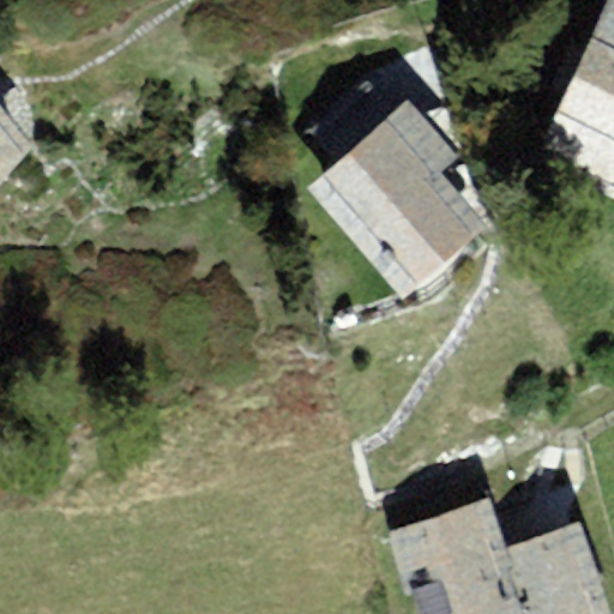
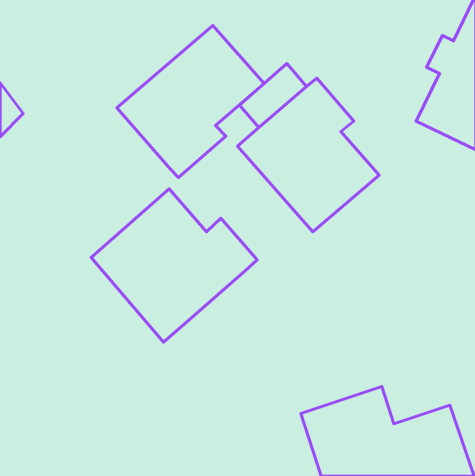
building: none -> [117,25,264,177]
building: none -> [91,189,257,342]

